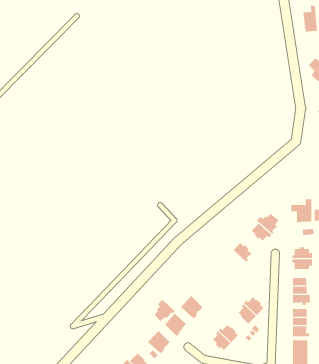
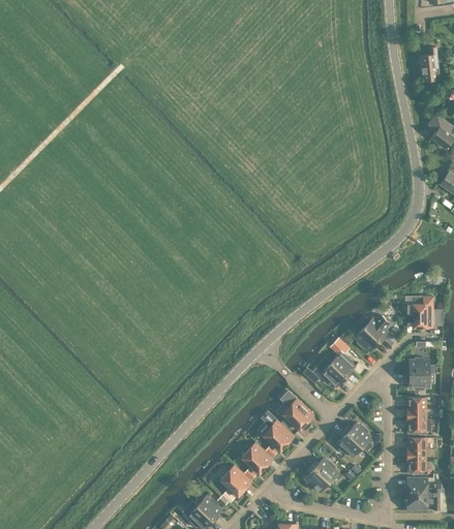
building: none -> [316,359,349,387]
building: none -> [283,399,314,430]
building: [154,299,176,322] -> none

